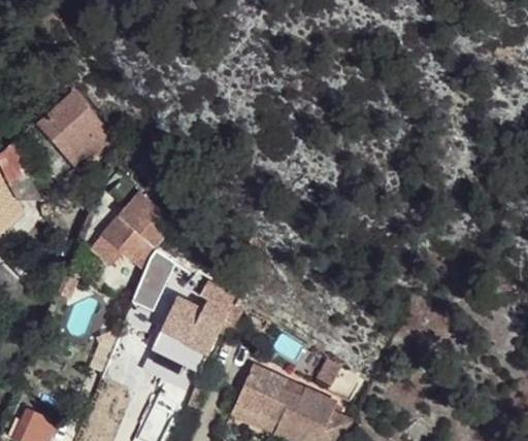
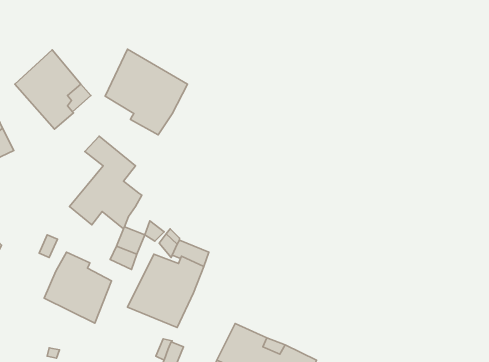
building: none -> [105,49,188,135]
building: none -> [44,252,112,323]

